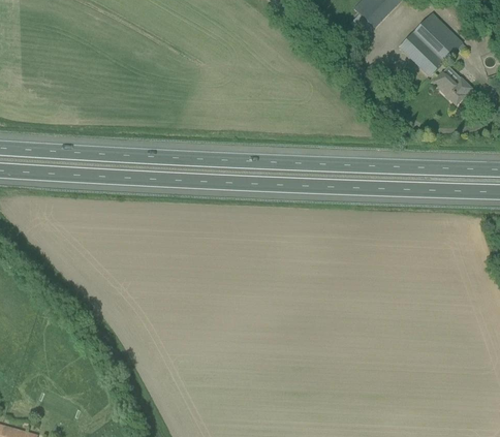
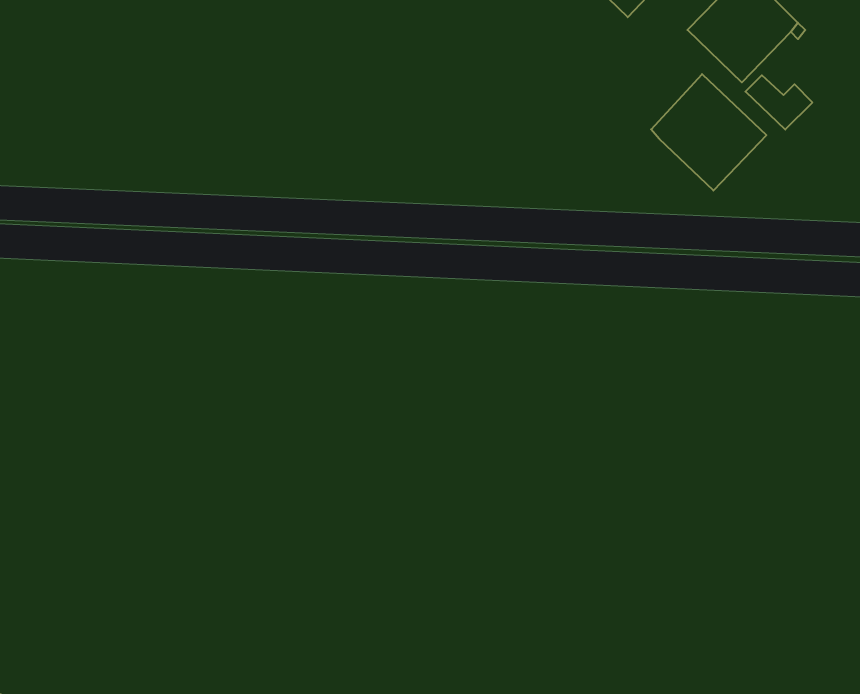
building: none -> [651,74,766,191]

